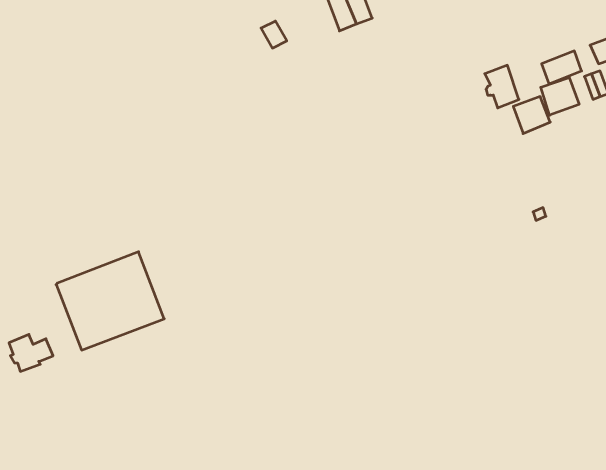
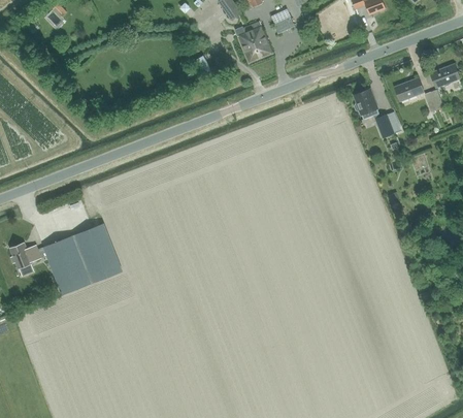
building: [541,77,579,115] -> none
building: [9,334,53,371] -> [9,242,41,268]

